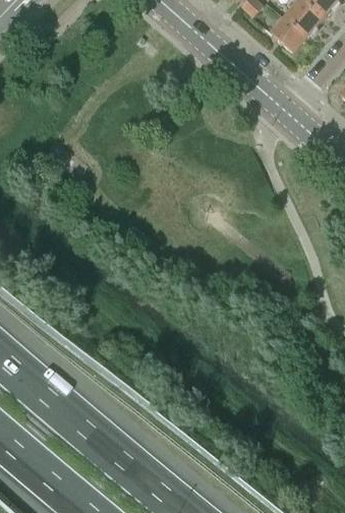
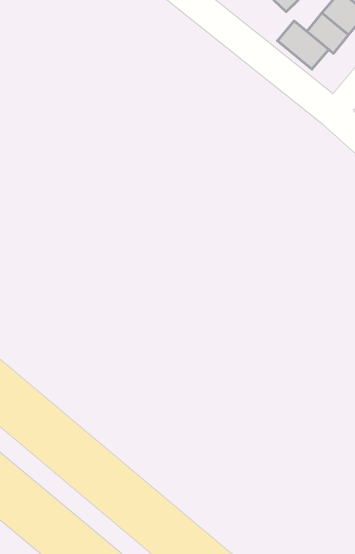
building: none -> [277,21,329,69]

